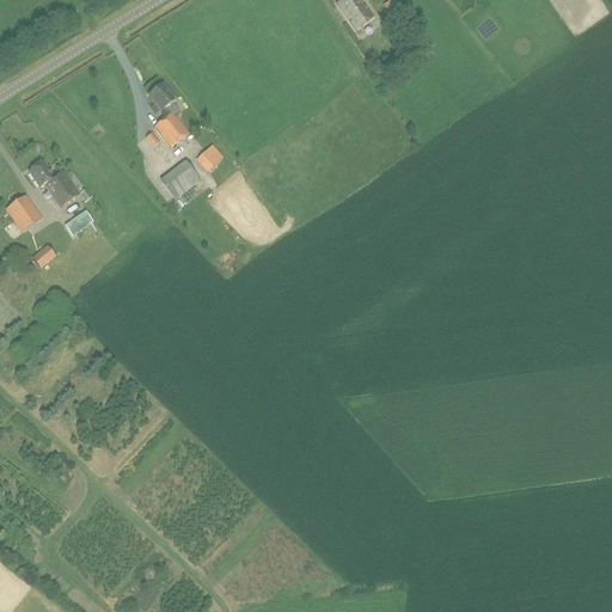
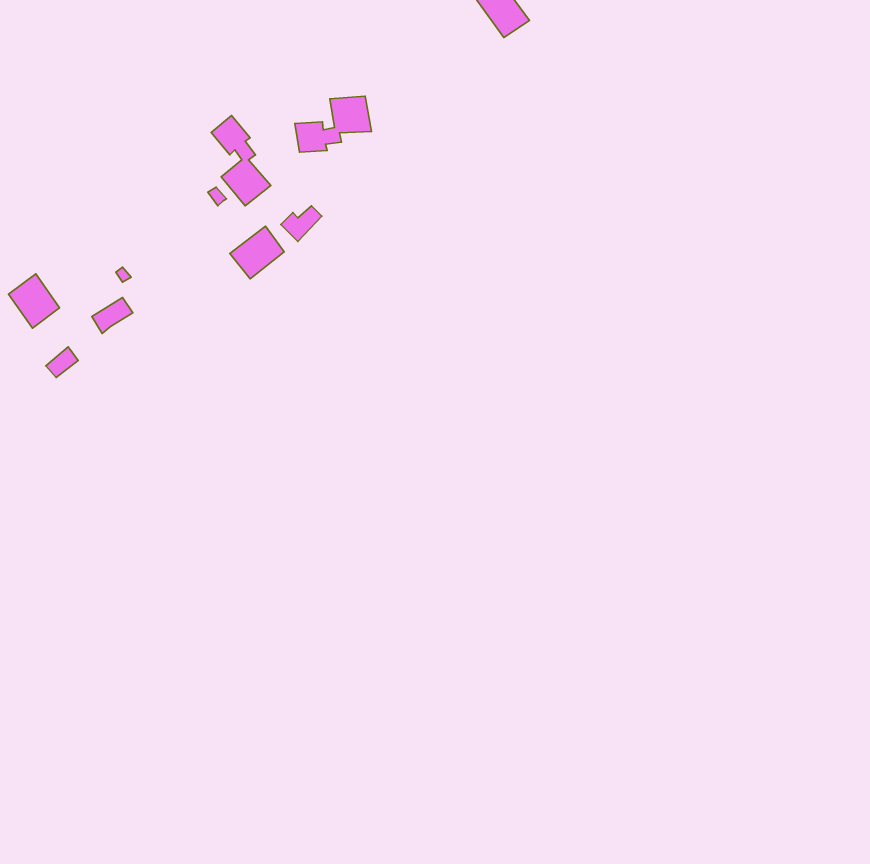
building: none -> [295,96,372,152]
building: [29,158,79,206] -> none

